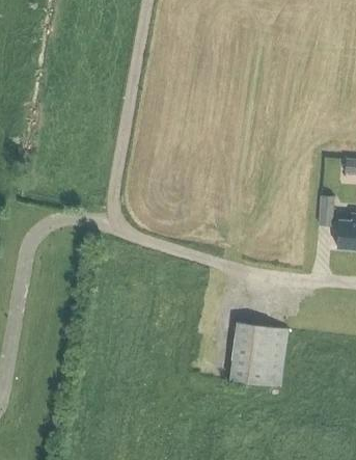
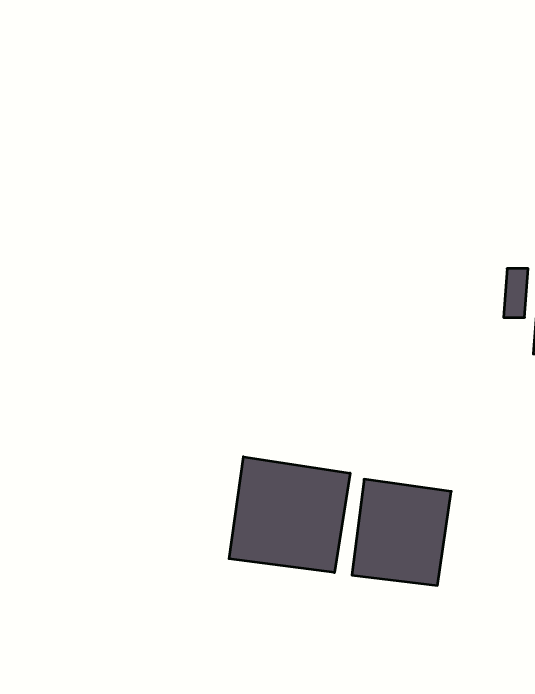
building: none -> [229,457,350,573]

